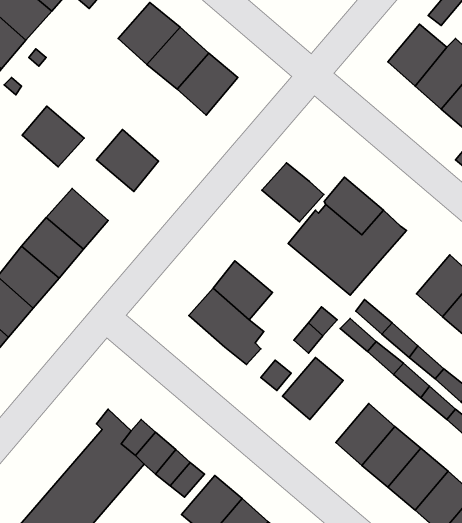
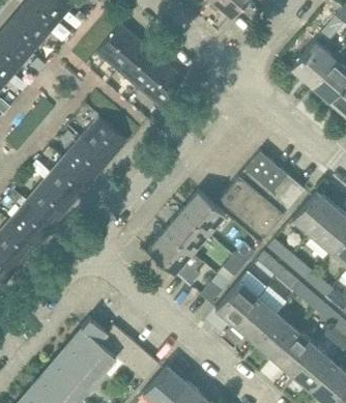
building: [22,106,84,167] -> [63,138,108,181]
building: [262,163,324,222] -> [180,191,225,233]
building: none -> [291,190,335,234]
building: none -> [234,296,277,341]

